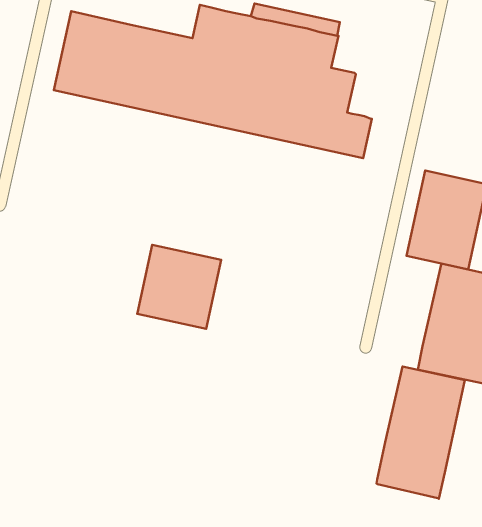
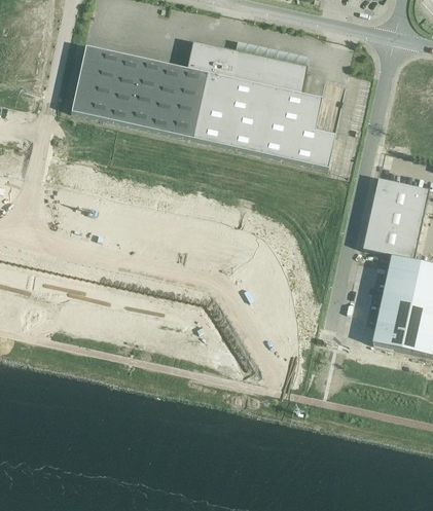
building: [137,245,221,329] -> none
building: [376,366,465,499] -> none

